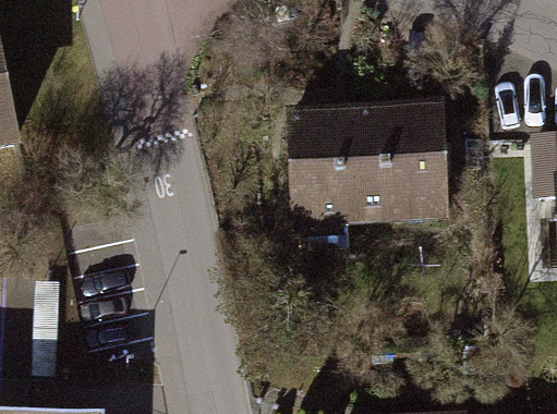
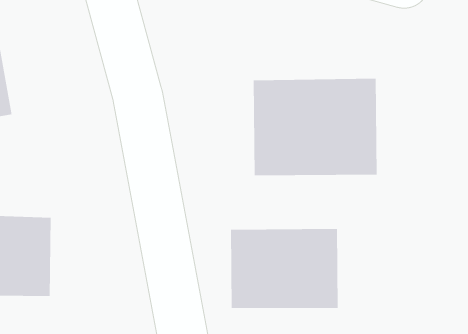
building: none -> [230,228,339,309]

